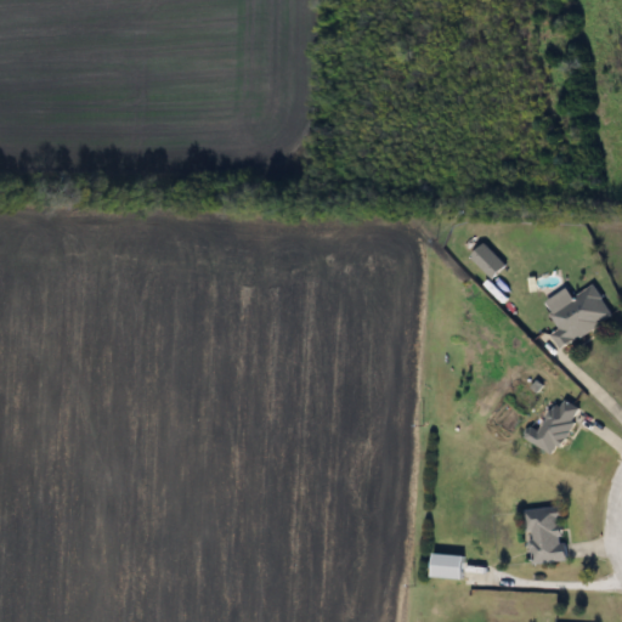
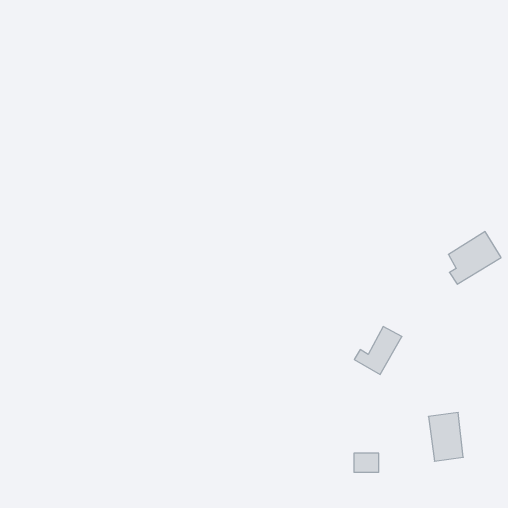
building: [469,243,503,278] -> none
building: [522,396,581,454] -> [354,327,402,374]

